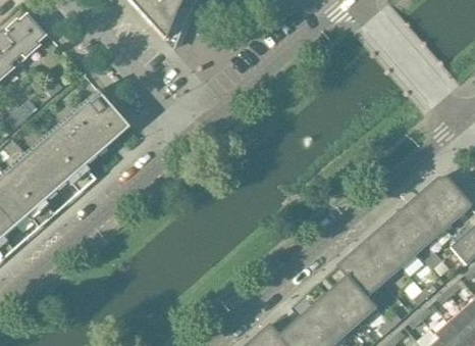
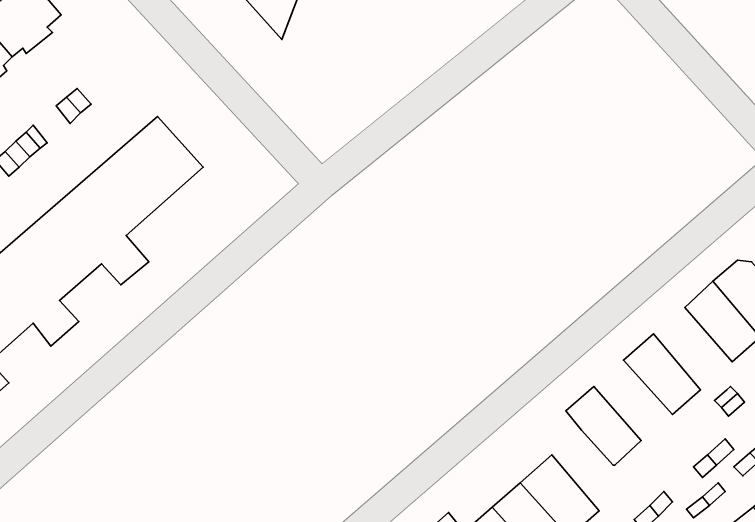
building: [389,204,435,252] -> none
building: [355,235,401,282] -> none
building: [330,276,376,323] -> none

